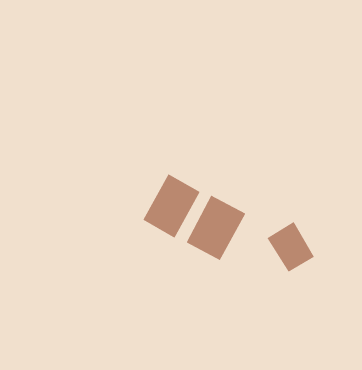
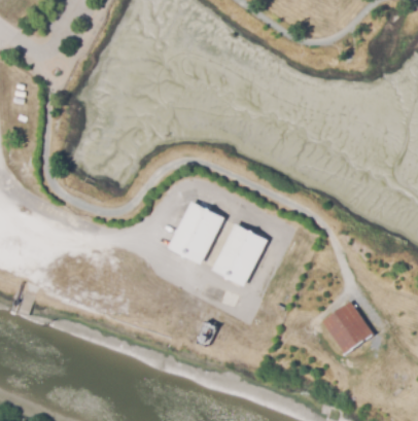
building: [267,221,315,273] -> [320,301,369,351]

